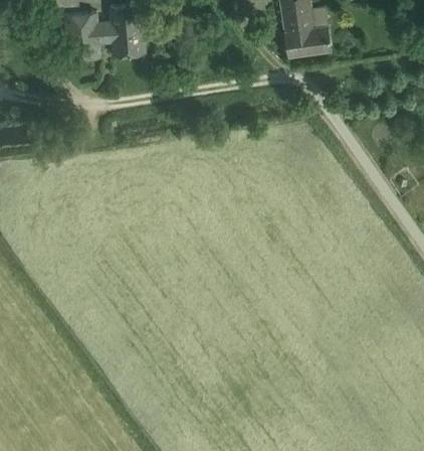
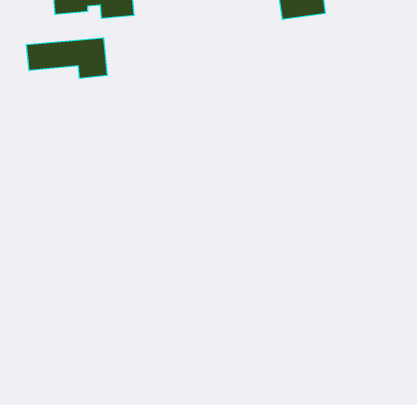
building: none -> [26,38,107,78]

